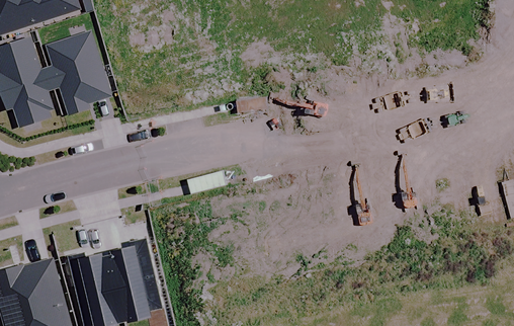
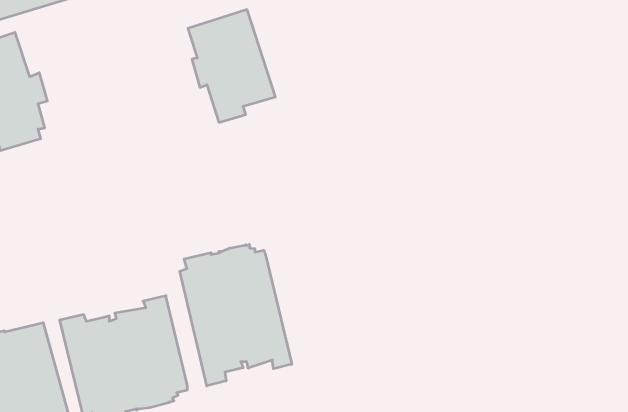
building: [46,30,111,115] -> [188,10,275,122]
building: none -> [180,244,292,386]

